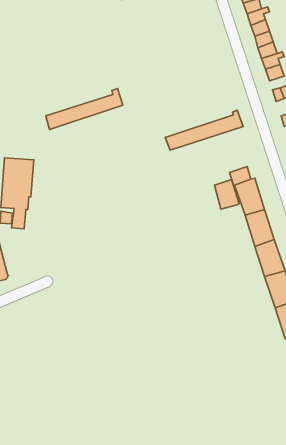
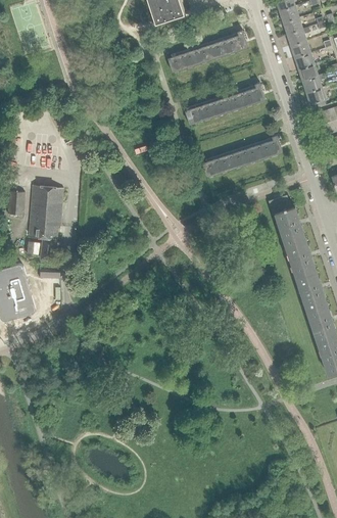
building: none -> [166,30,247,72]
building: [46,89,123,129] -> [184,82,264,125]
building: [214,179,239,209] -> none

